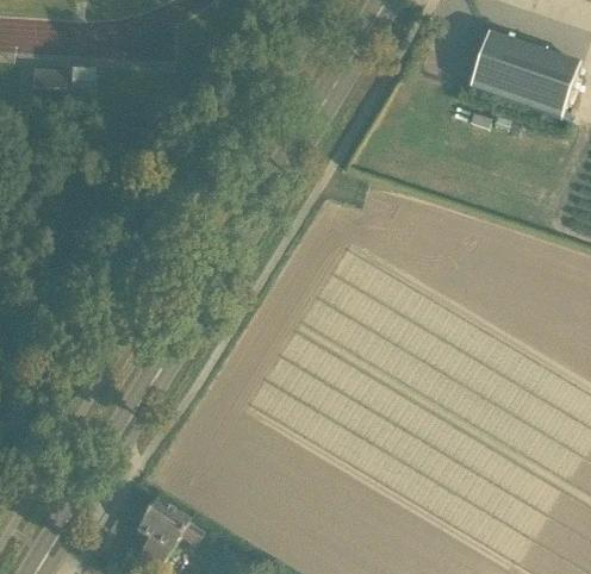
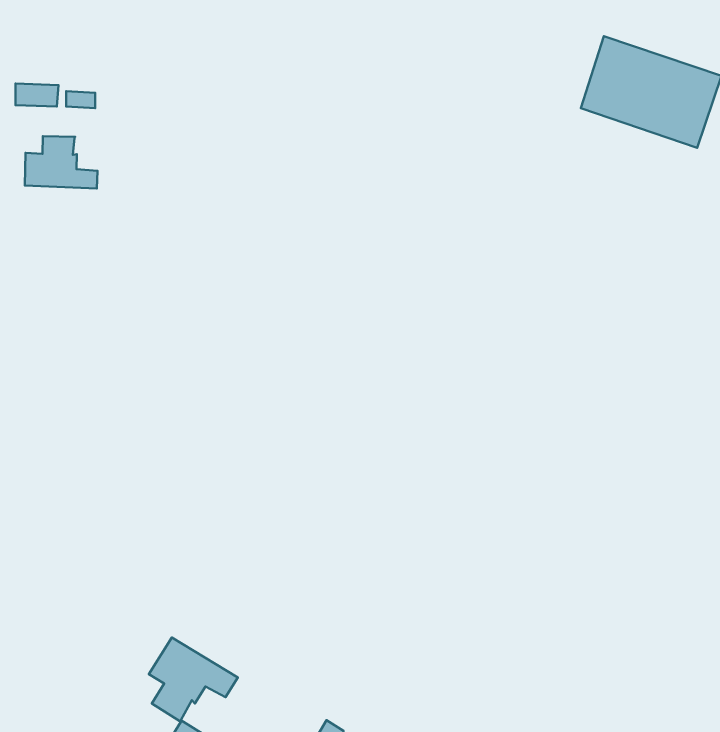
building: none -> [25,136,98,189]

